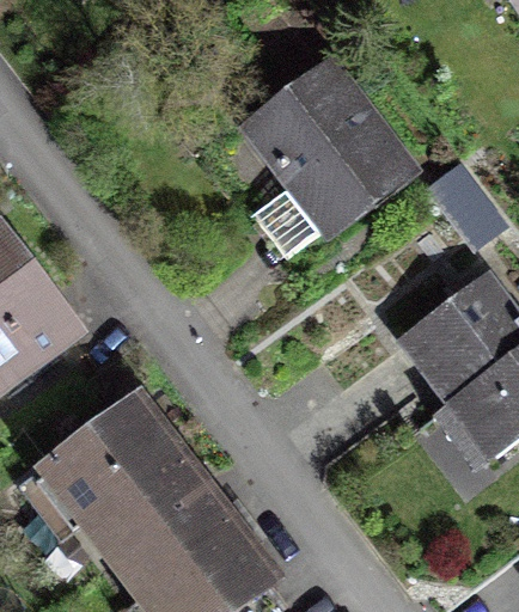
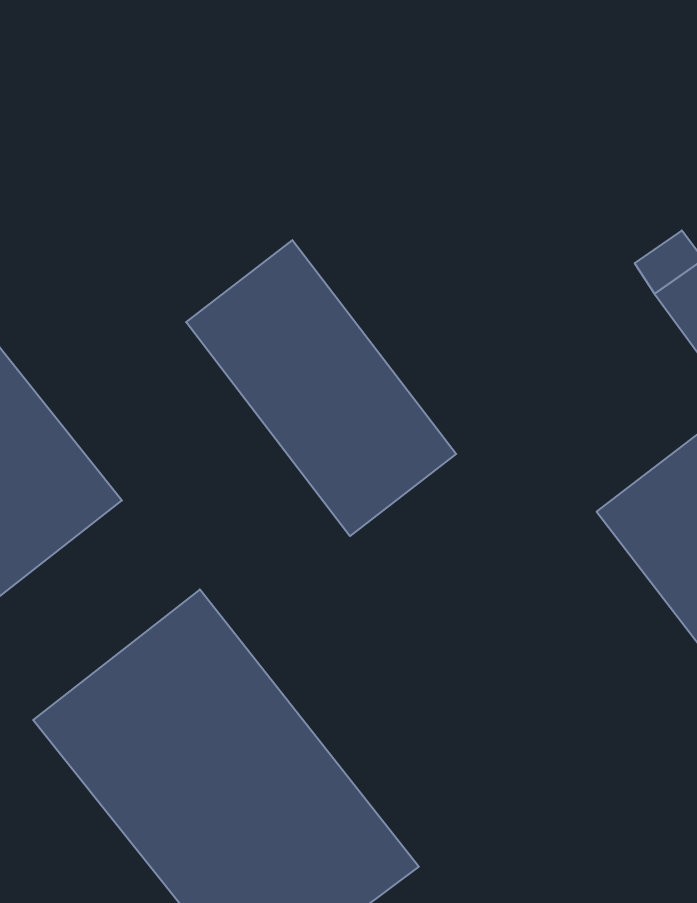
building: [243,55,416,232] -> none
building: none -> [186,240,456,536]

